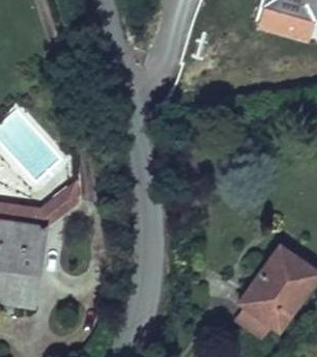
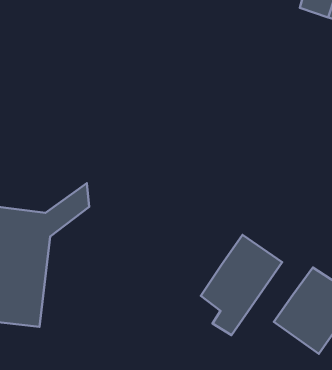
building: none -> [201,235,282,335]

